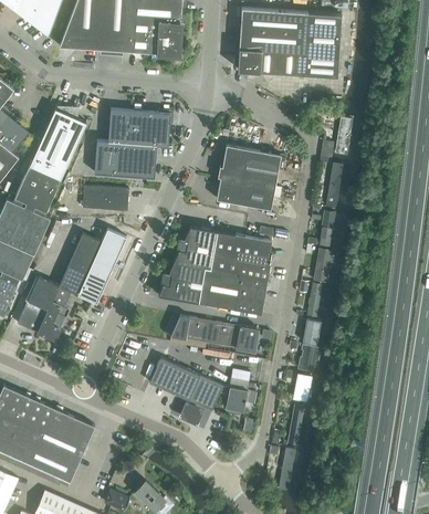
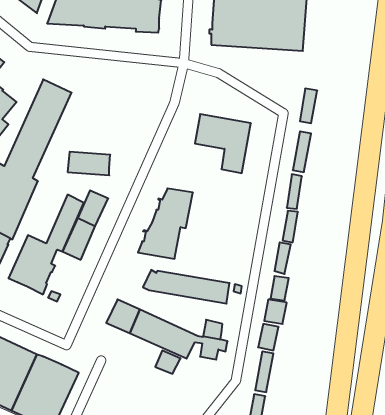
building: [94,109,170,178] -> none
building: [217,178,252,206] -> none
building: [198,231,272,314] -> none

